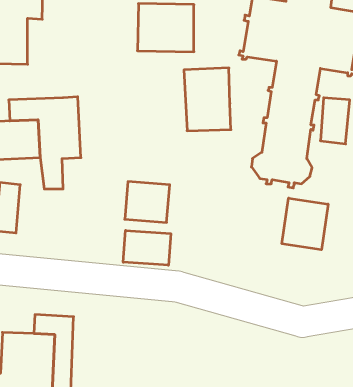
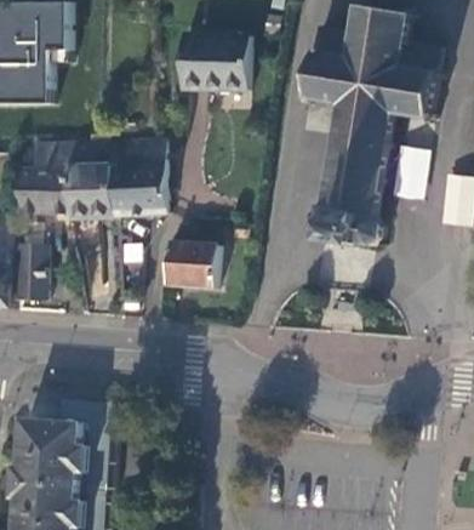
building: [184,68,231,131] -> [112,142,166,215]
building: [282,198,328,250] -> none
building: [123,230,171,265] -> none

